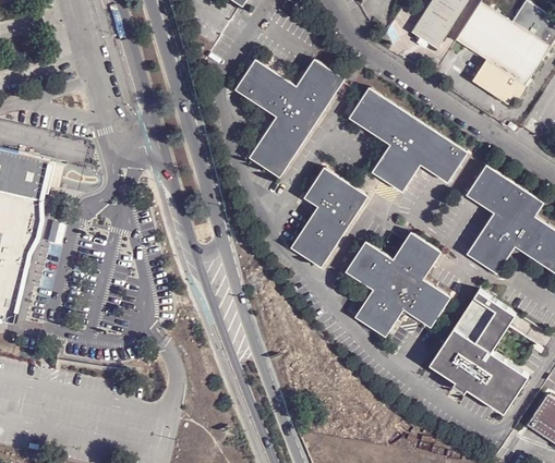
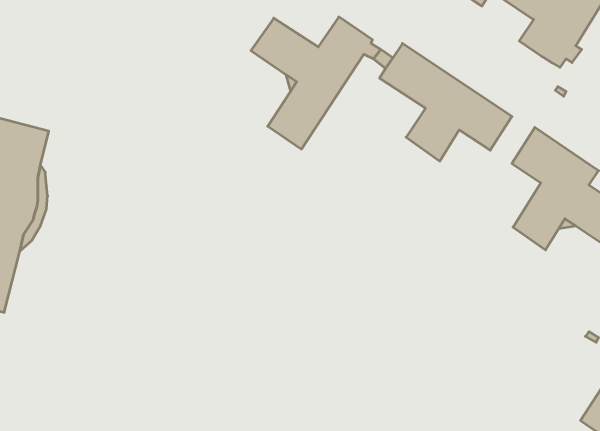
building: [290,166,367,266] -> none
building: [345,229,451,336] -> none
building: [431,292,530,415] -> none

